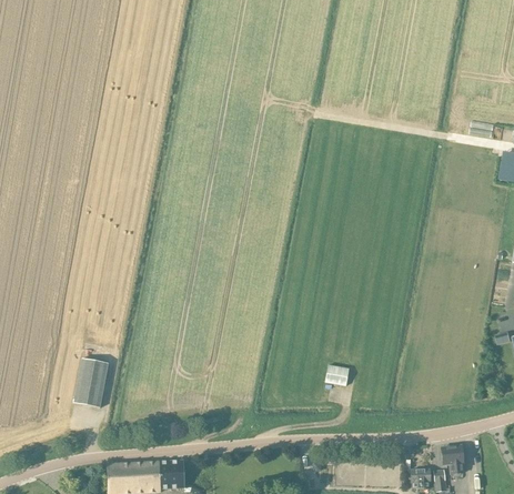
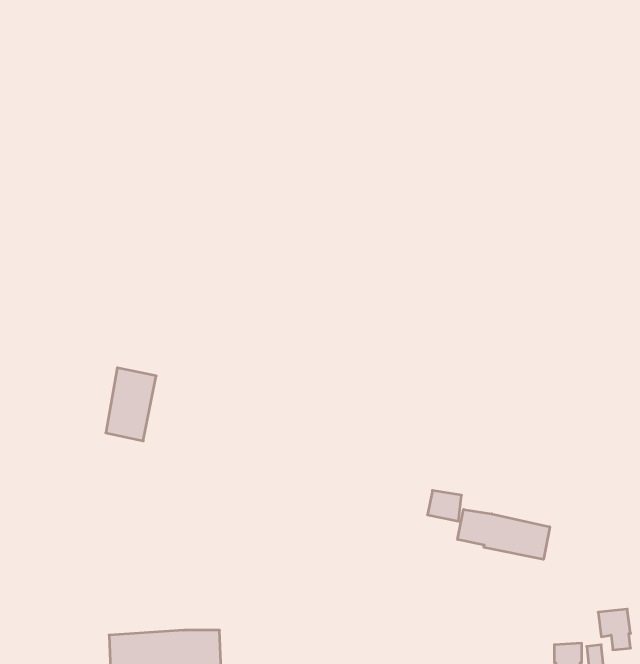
building: [74,357,109,407] -> [106,368,156,441]
building: none -> [458,509,550,559]

